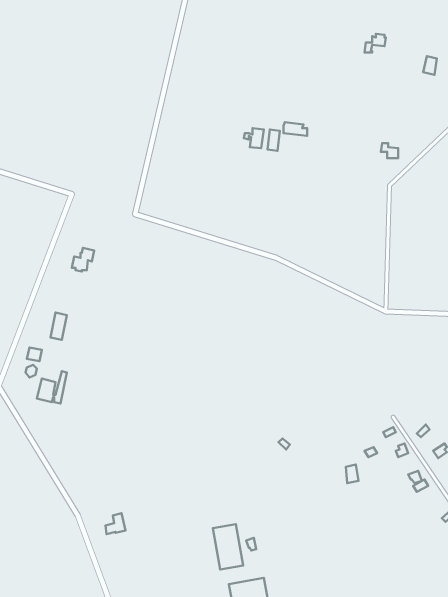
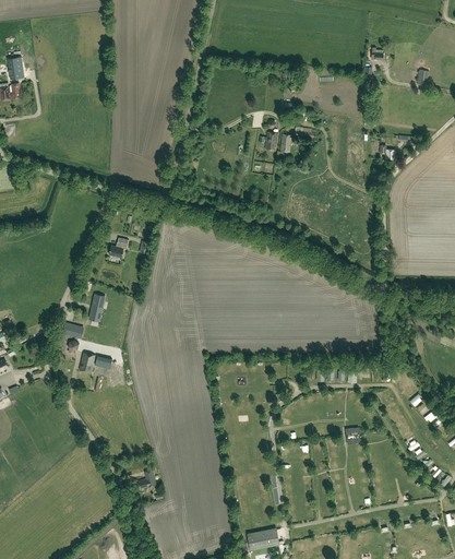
building: [213,524,243,570] -> none

